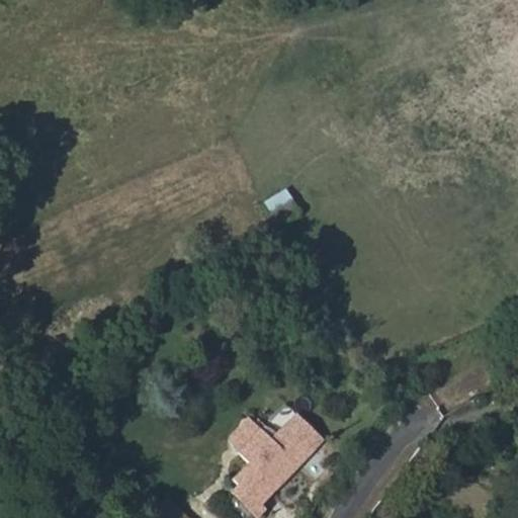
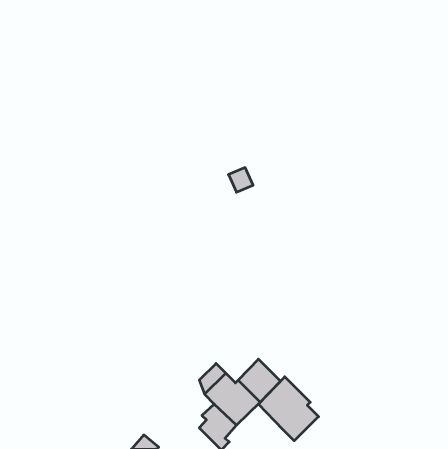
building: none -> [258,377,319,441]

